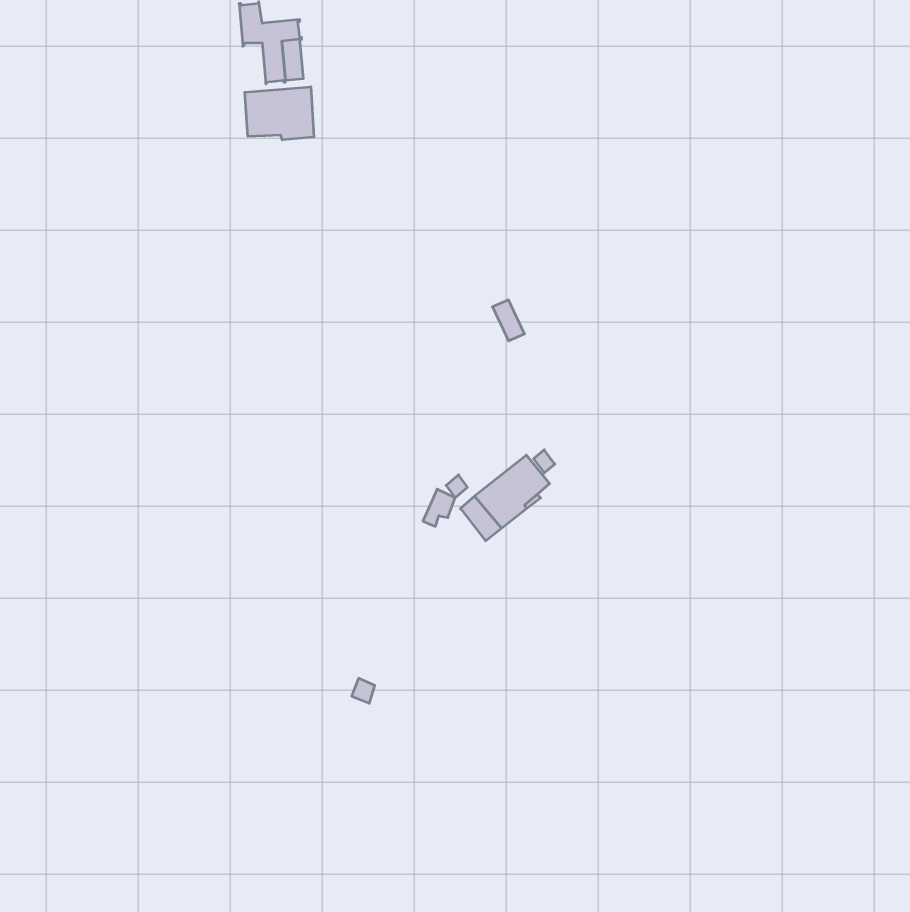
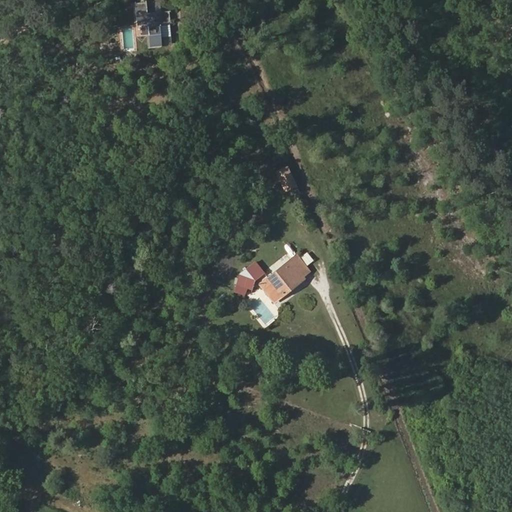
building: [245,87,314,140] -> none

